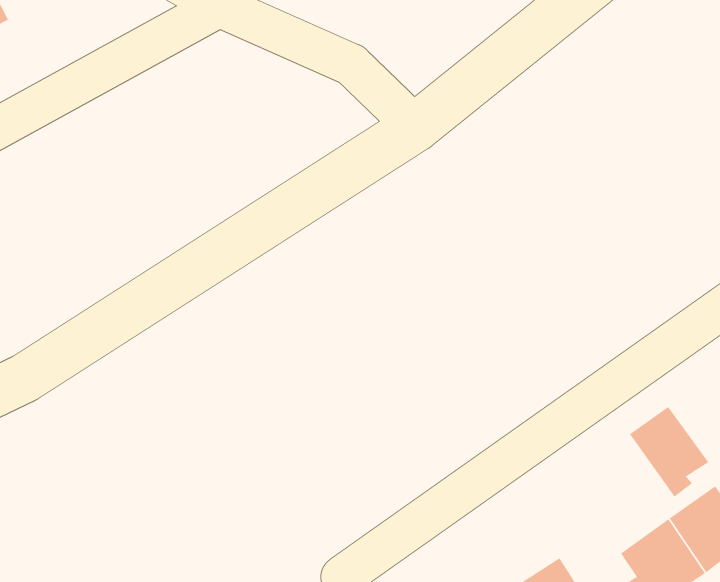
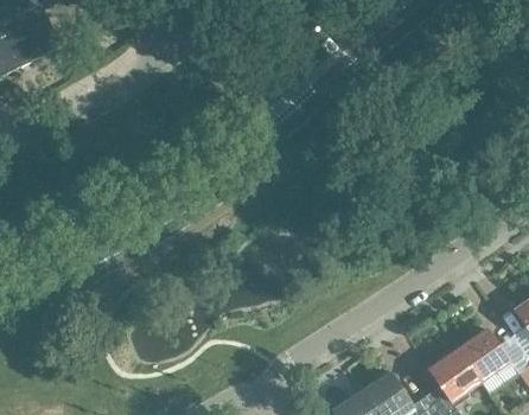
building: [629,406,709,498] -> none

